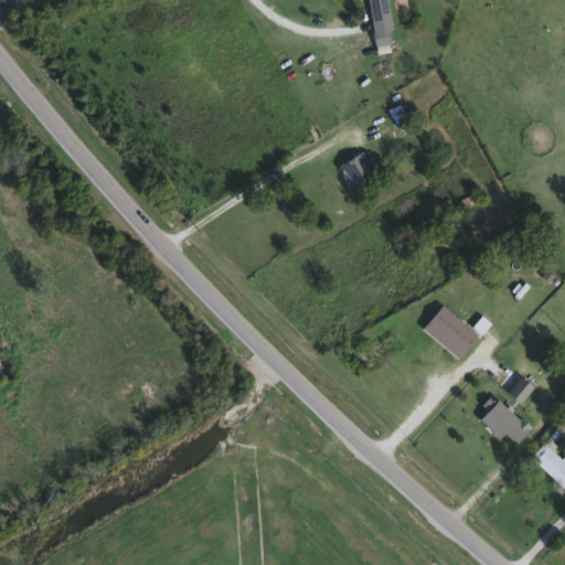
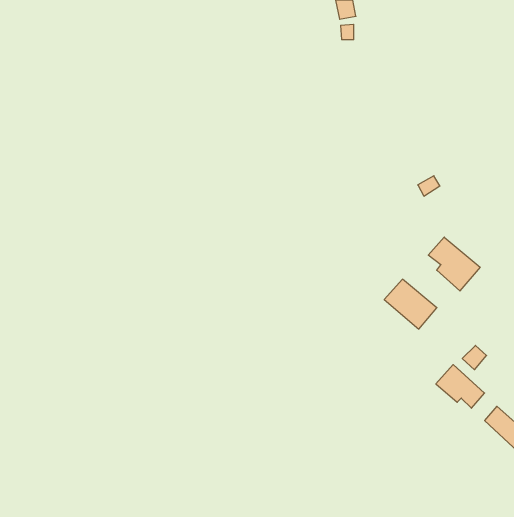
building: [339,151,381,186] -> none
building: none -> [428,237,480,291]

